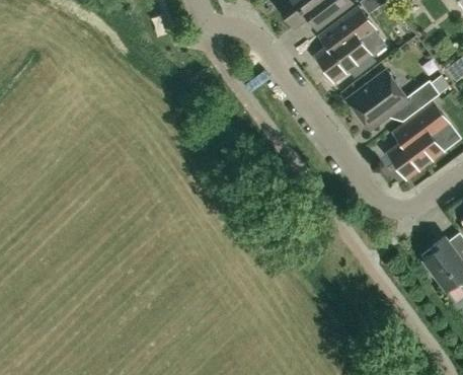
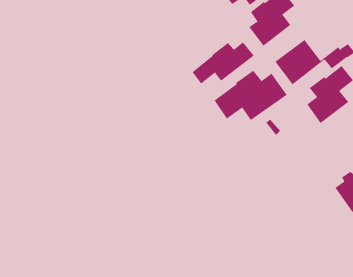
building: none -> [192,41,254,85]
building: none -> [214,70,287,121]

